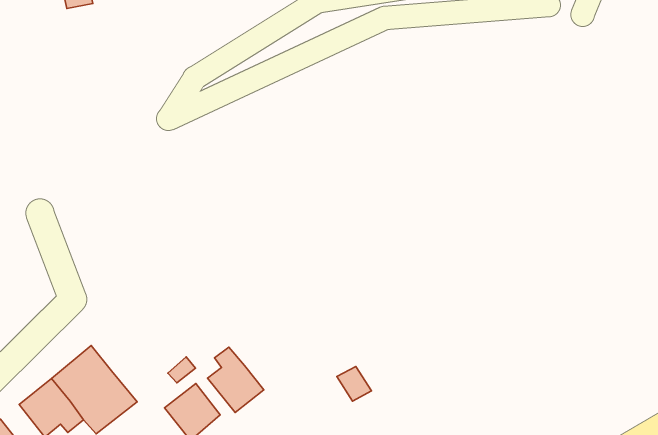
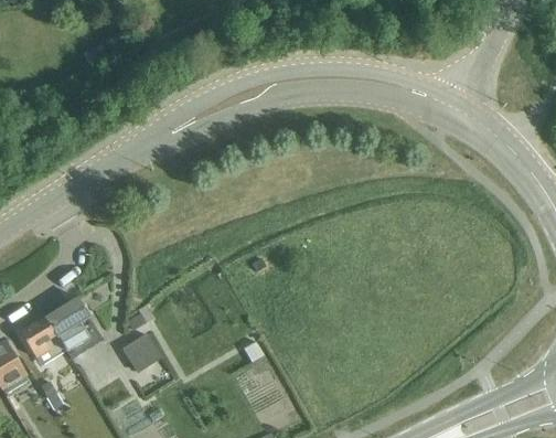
building: [208,347,264,413] -> none

